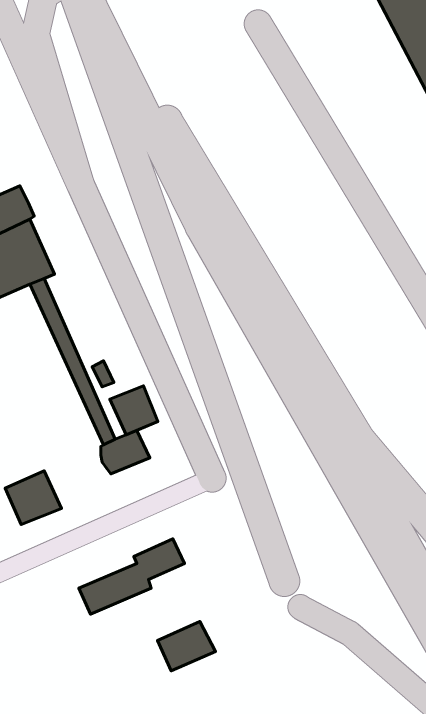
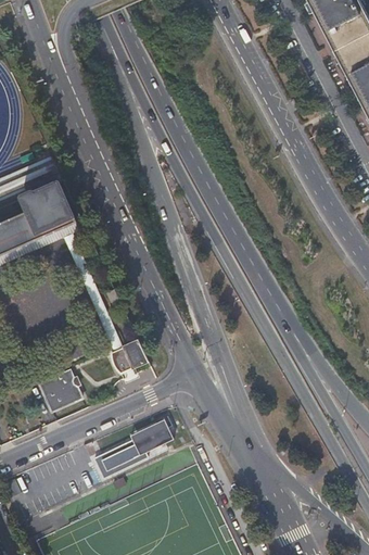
building: [110,386,158,435] -> none
building: [158,622,216,671] -> none

